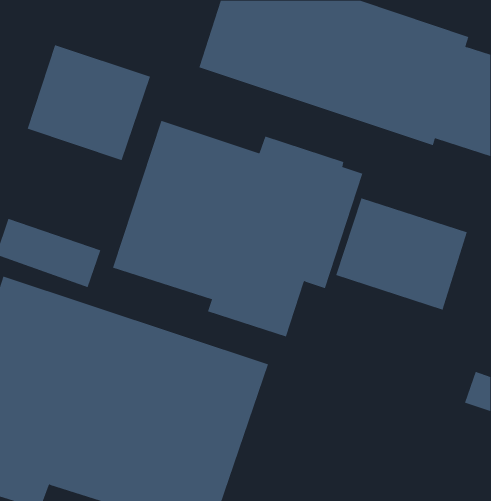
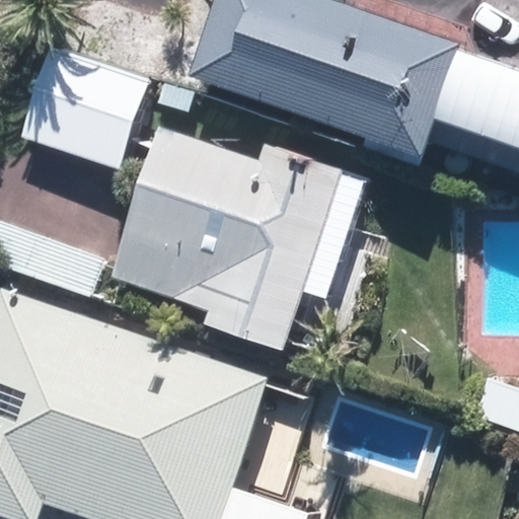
building: [336,197,468,311] -> none

